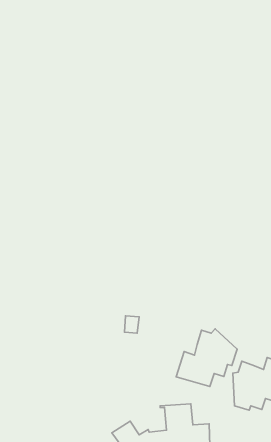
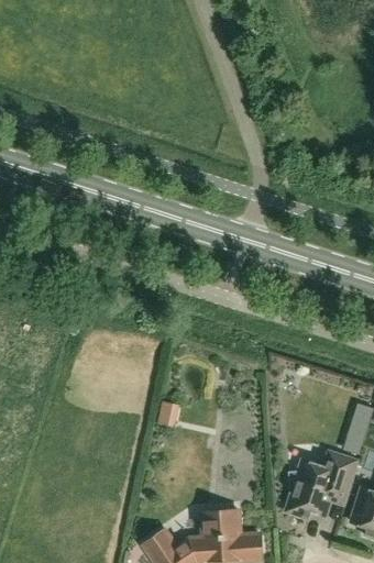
building: [176,329,237,387] -> none

